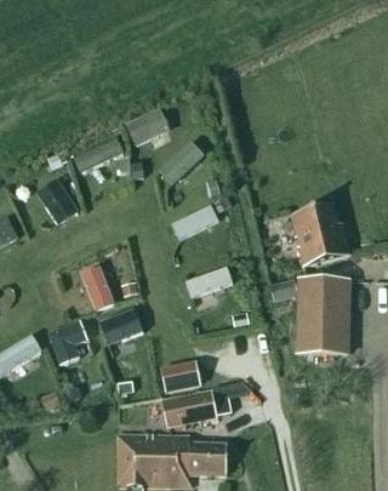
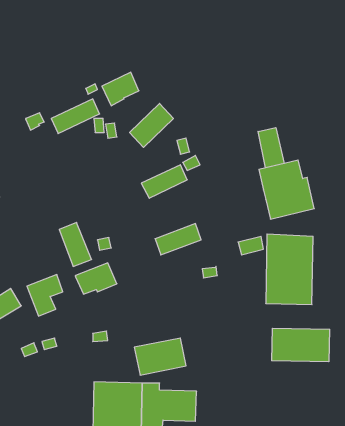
building: none -> [258,128,284,168]
building: [39,178,78,222] -> none
building: [161,360,200,389] -> none
building: none -> [272,328,330,362]

